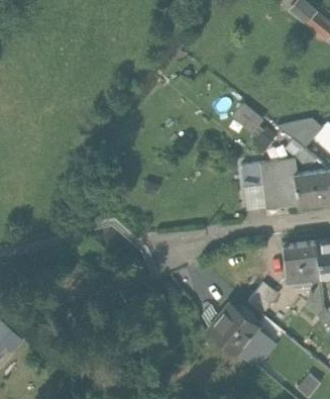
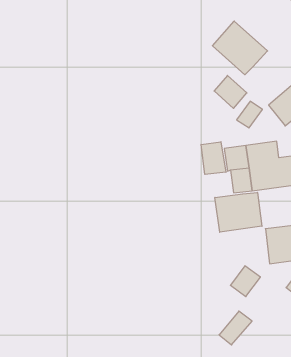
building: none -> [212,21,268,75]
building: none -> [201,142,226,174]
building: none -> [215,192,262,232]
building: [209,303,256,352] -> none

